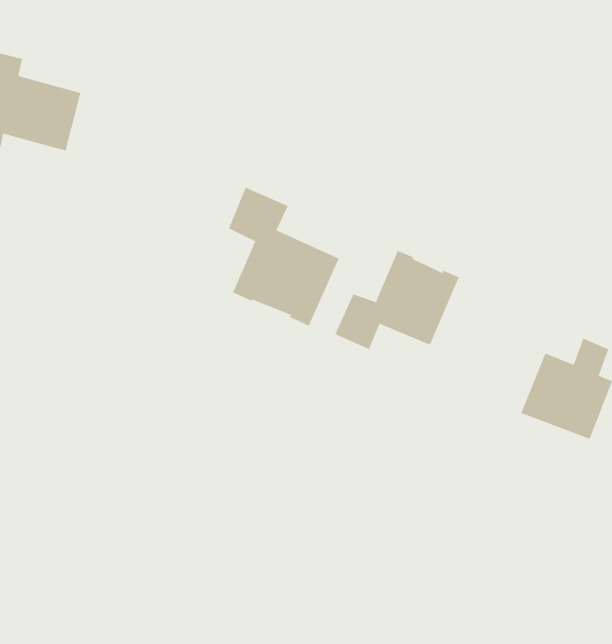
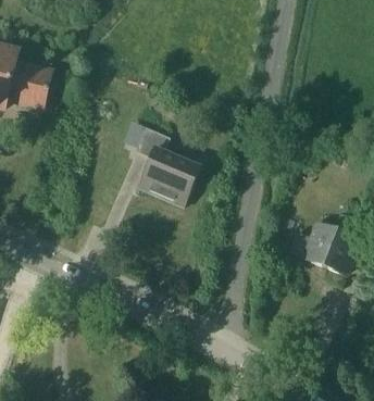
building: [335,250,460,350] -> none

